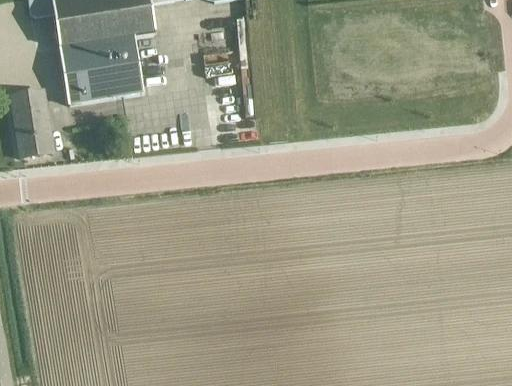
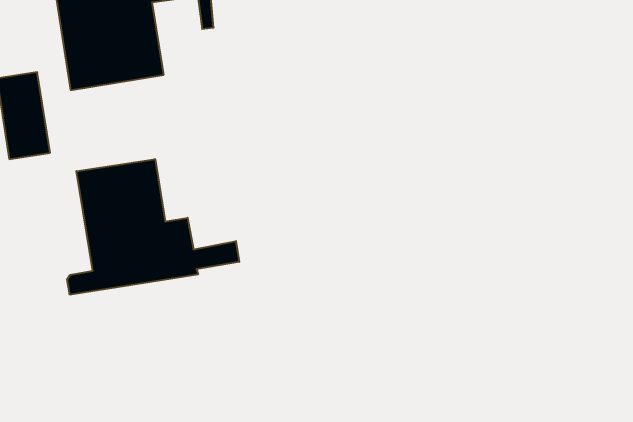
building: none -> [67,159,239,295]

